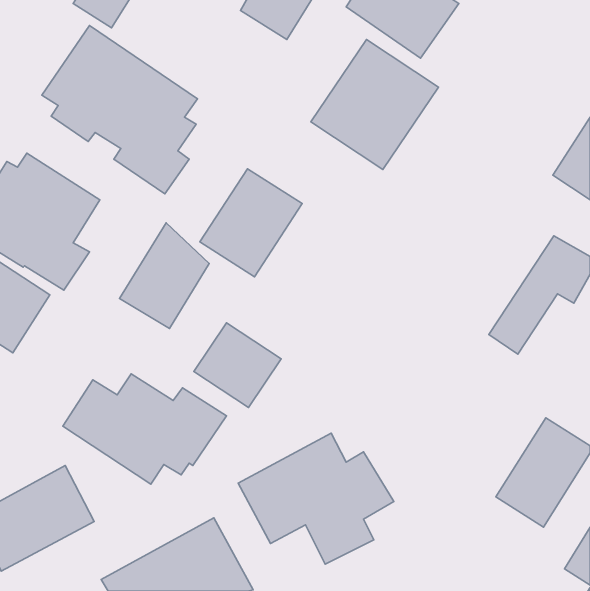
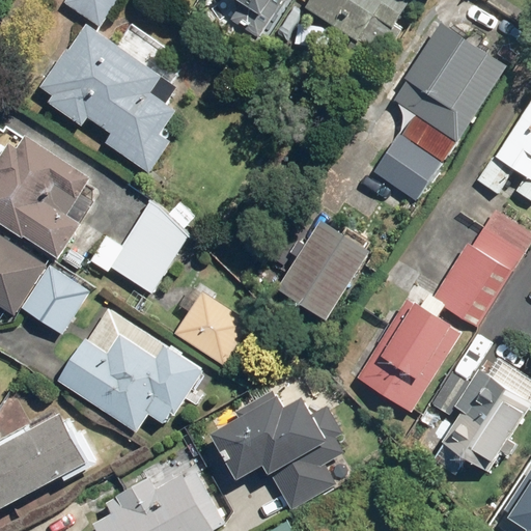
building: [311,40,439,170] -> [392,23,506,139]
building: none -> [374,134,438,197]
building: [200,169,302,277] -> [279,221,370,317]
building: none -> [20,266,87,334]
building: none -> [358,299,459,409]

